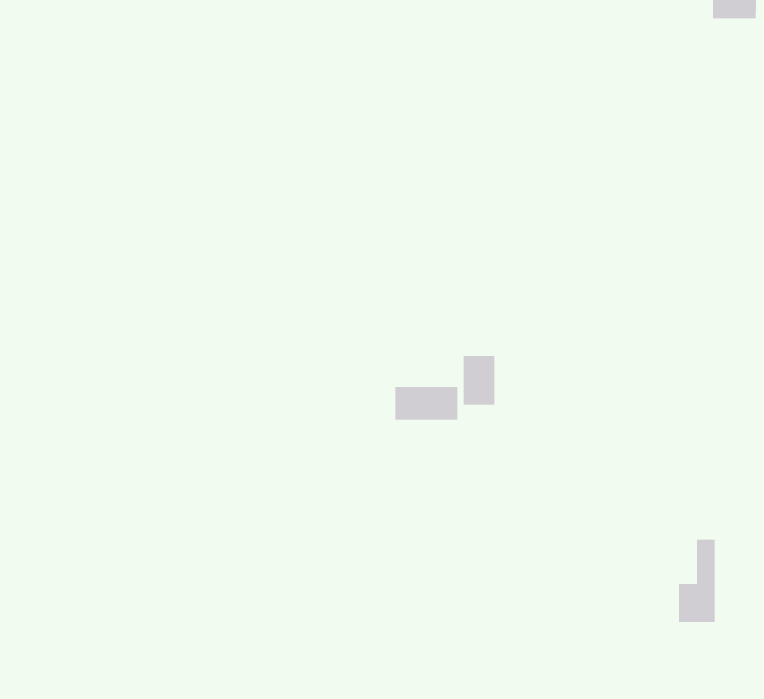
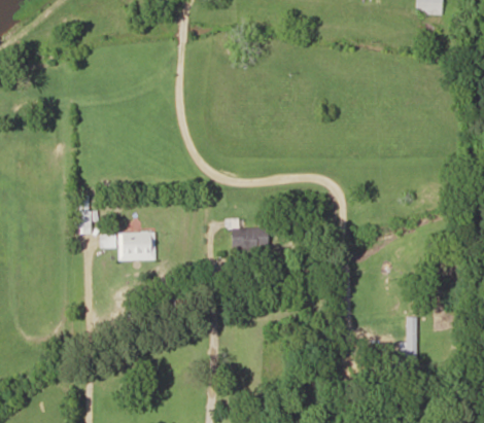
building: [463,355,495,405] -> none
building: none -> [119,233,155,259]

